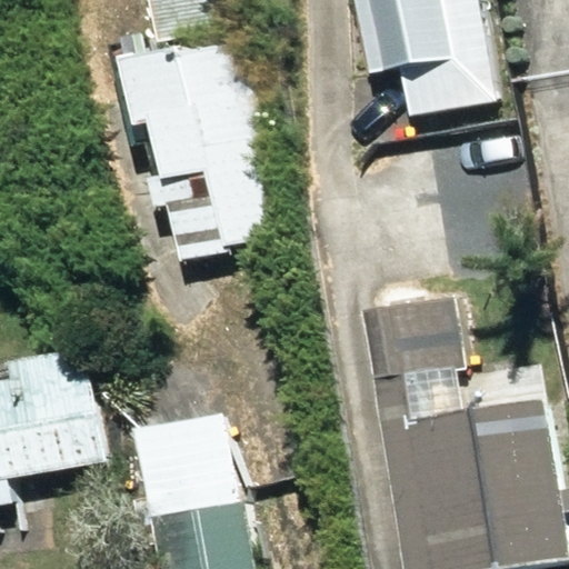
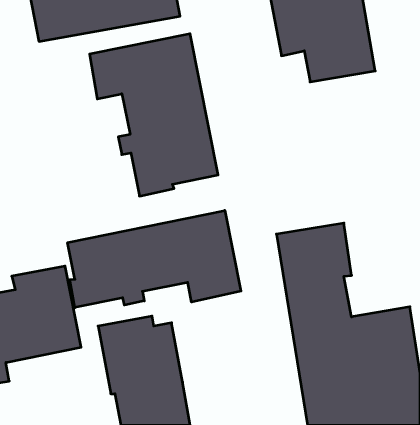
building: none -> [68,210,241,308]

